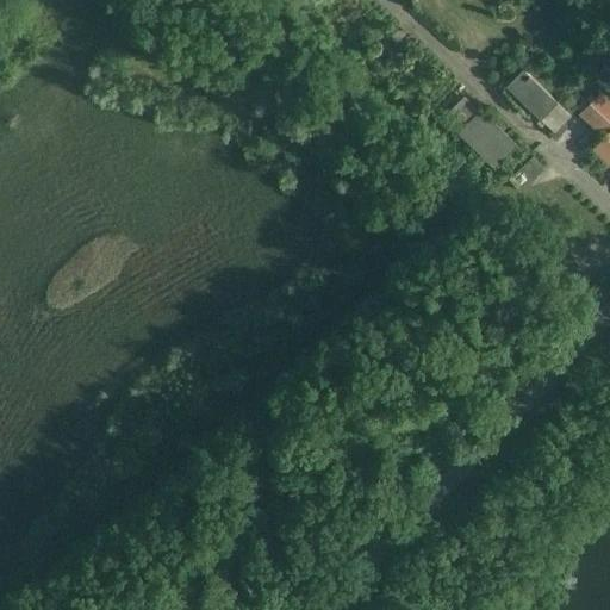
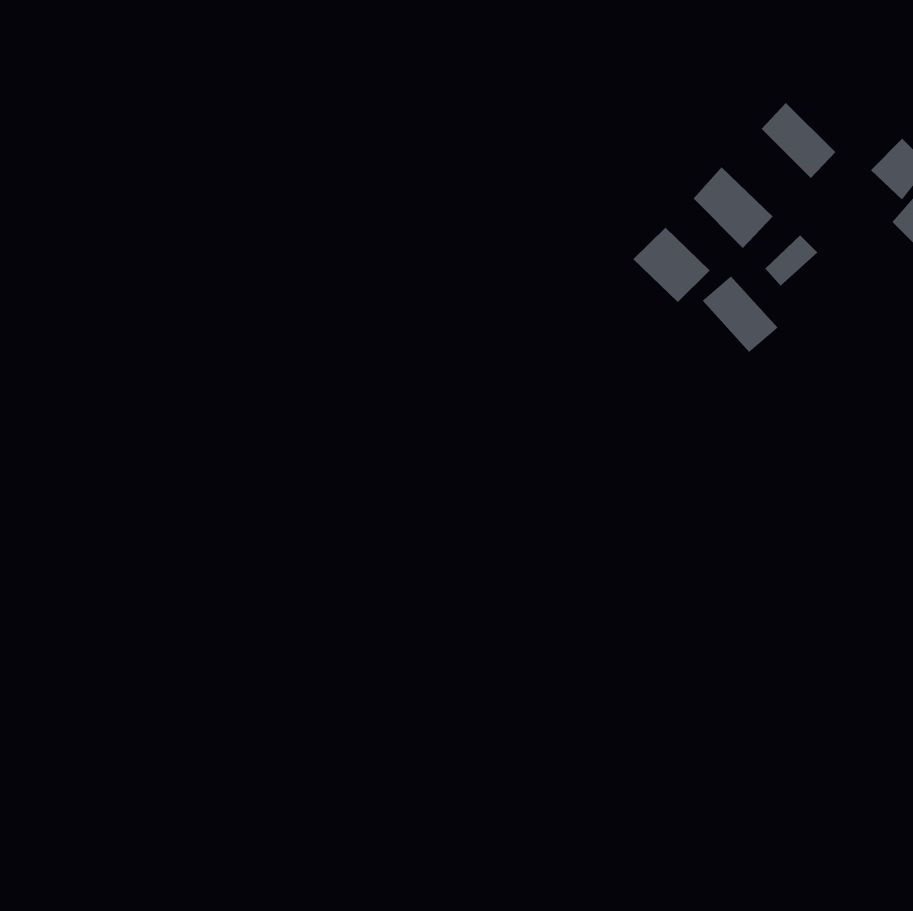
building: none -> [633,227,711,303]
building: none -> [702,276,778,353]

